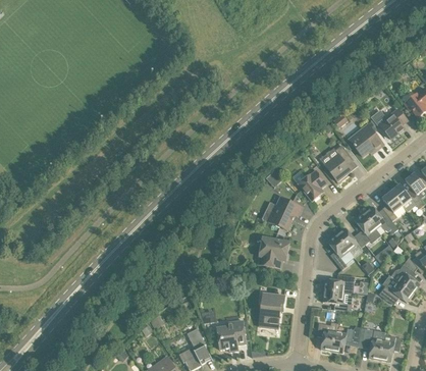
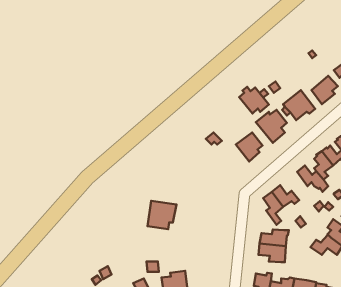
building: none -> [239,87,269,113]
building: [271,196,303,229] -> none
building: [355,212,380,243] -> none
building: [258,236,289,267] -> [147,201,177,229]
building: [259,293,284,327] -> none

